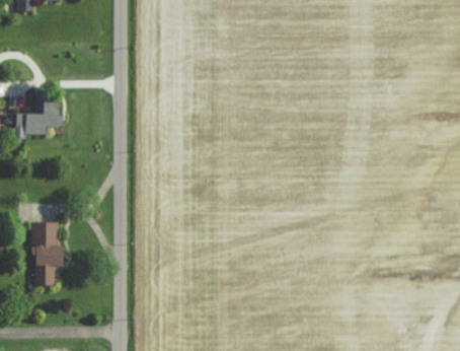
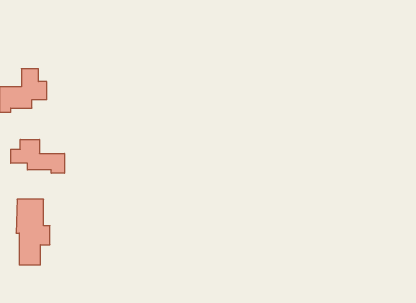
building: none -> [11,139,64,173]

